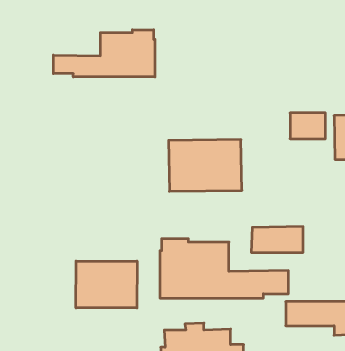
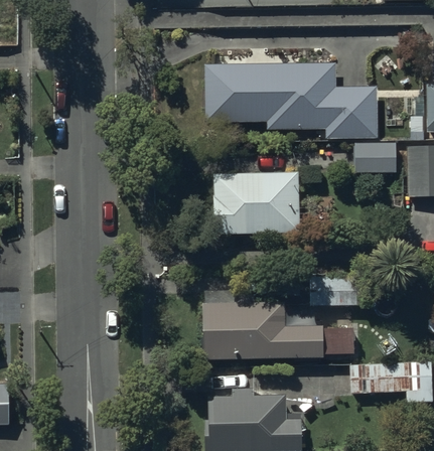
building: [53,30,155,77] -> none
building: none -> [203,62,376,137]
building: [76,261,137,308] -> none

